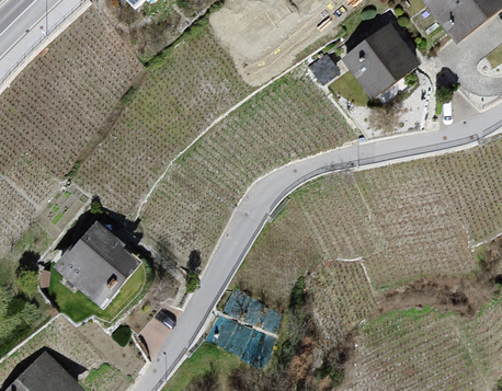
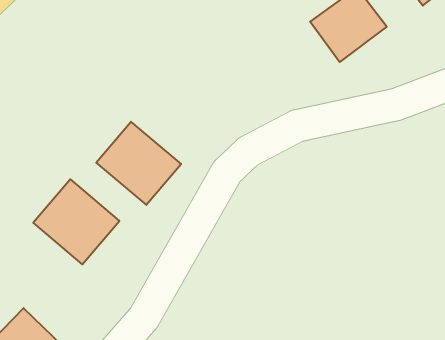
building: none -> [96,122,181,205]

